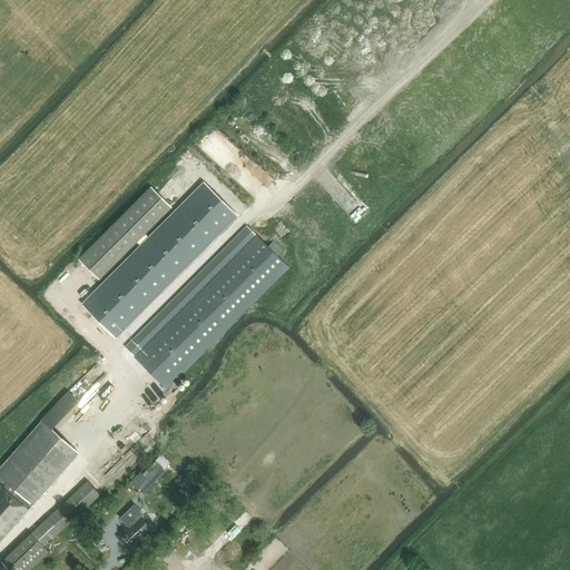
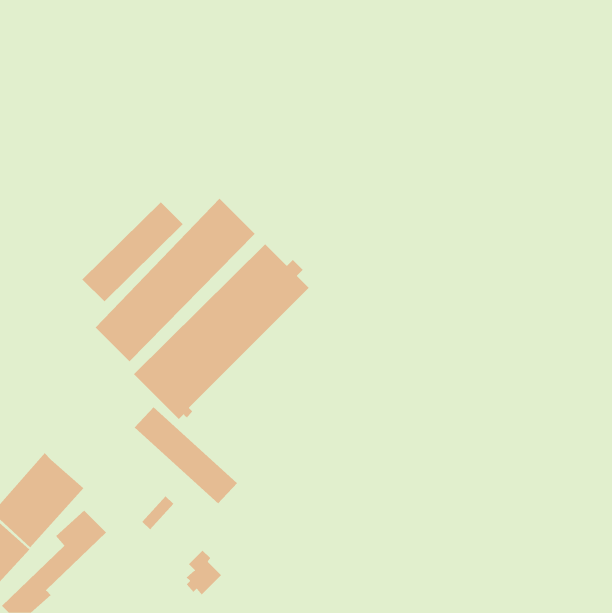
building: none -> [134,406,238,504]
building: [41,391,78,430] -> none
building: [117,505,150,548] -> [186,550,222,595]

